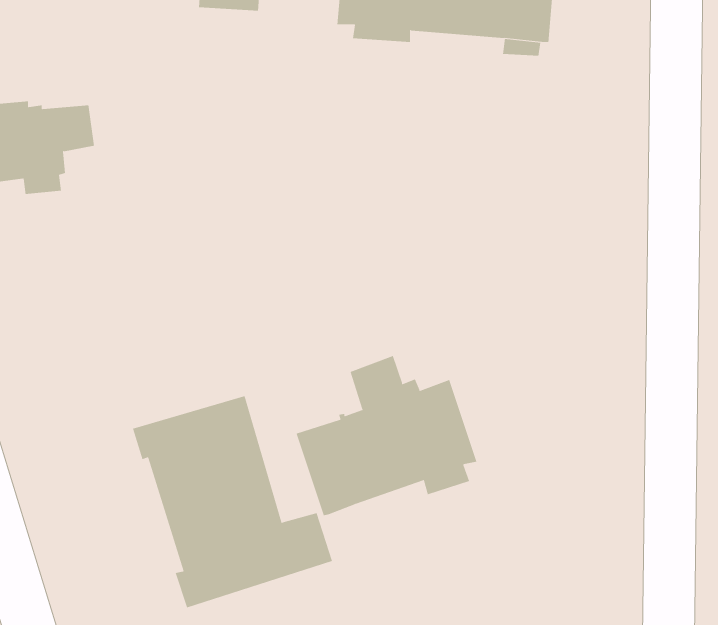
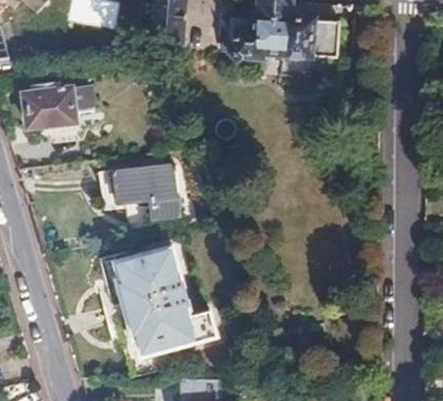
building: none -> [122,162,188,217]
building: [296,355,477,516] -> none

